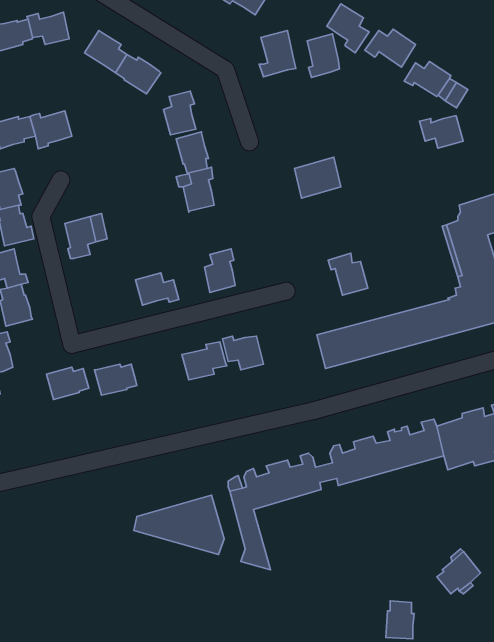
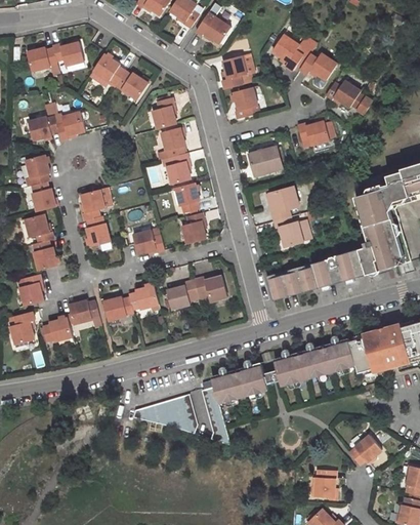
building: [307,34,340,77] -> [235,86,258,118]
building: [420,116,463,148] -> [296,121,328,145]
building: none -> [175,184,199,214]
building: none -> [268,188,297,221]
building: none -> [86,216,110,247]
building: none -> [128,285,159,309]
building: none -> [42,315,72,340]

